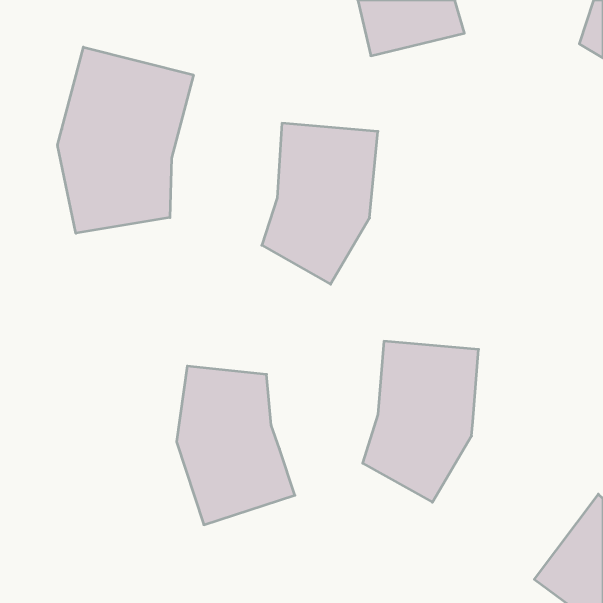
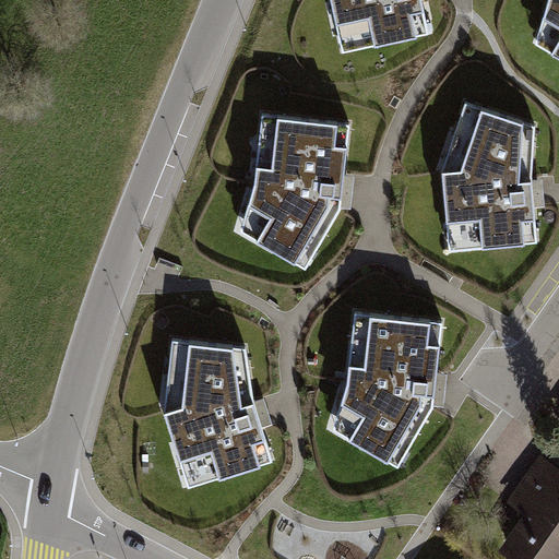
building: [58,47,193,233] -> none
building: none -> [441,104,537,250]

